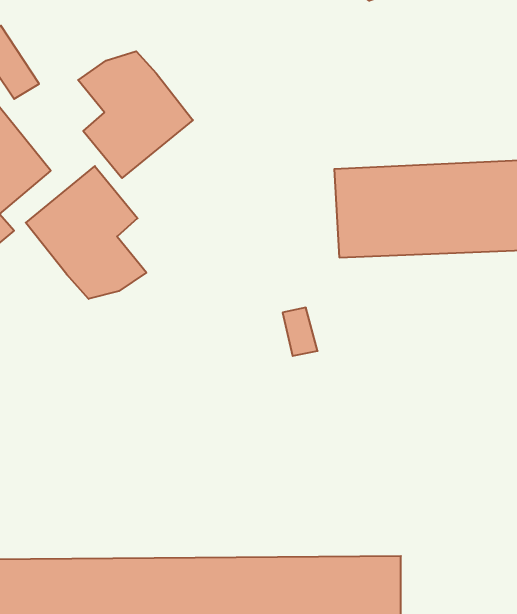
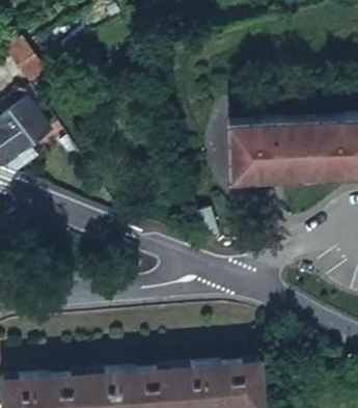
building: [78,51,193,178] -> none
building: [26,166,146,299] -> none

